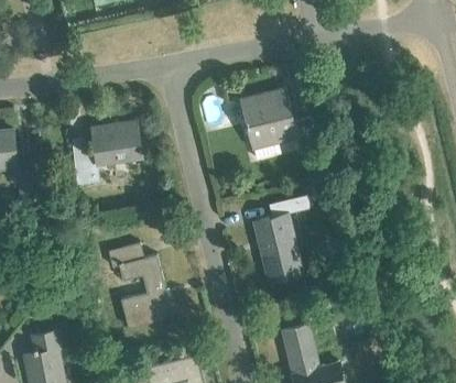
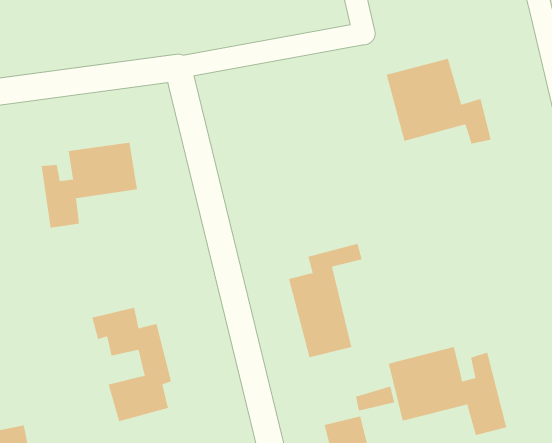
building: [238,89,316,153] -> [386,58,492,144]
building: none -> [388,346,507,436]

